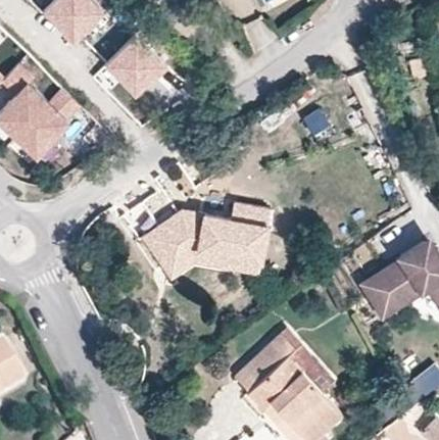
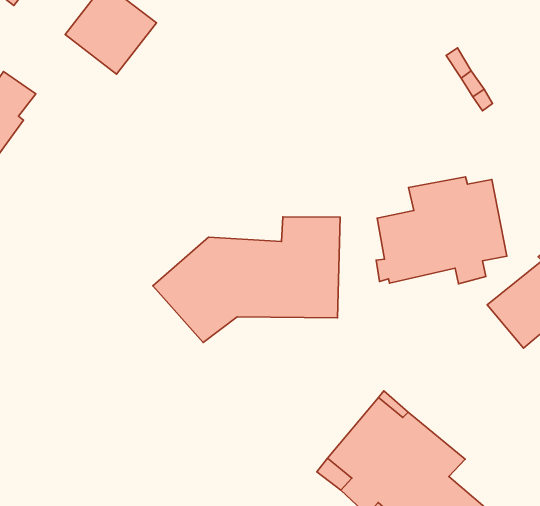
building: none -> [376,177,507,284]

